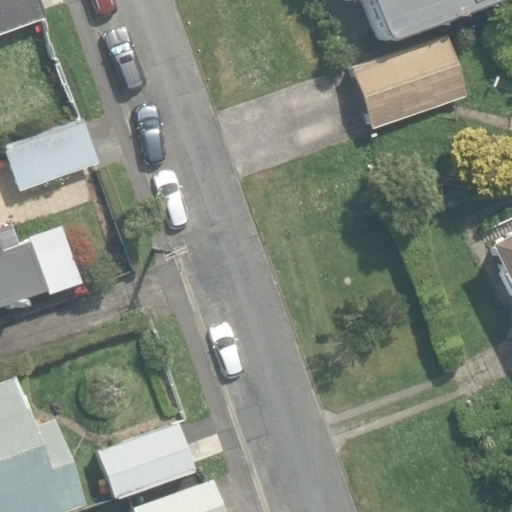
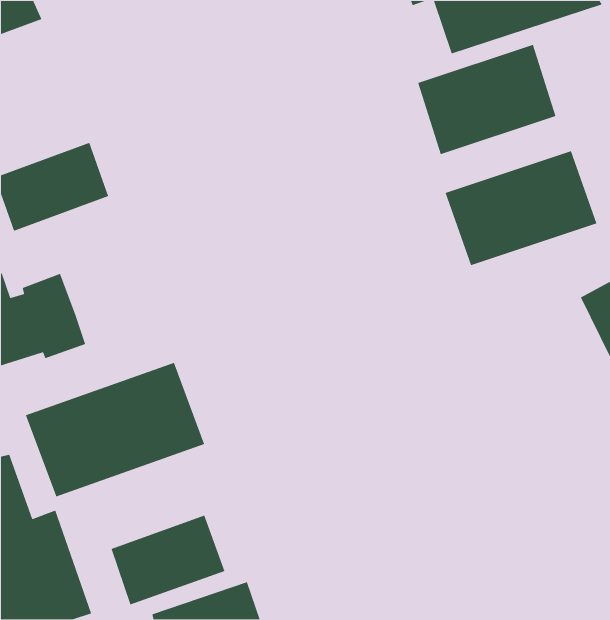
building: none -> [444,150,598,266]
building: none -> [25,362,205,497]

